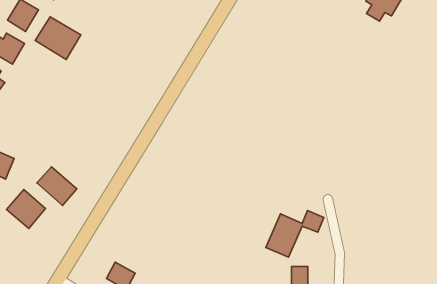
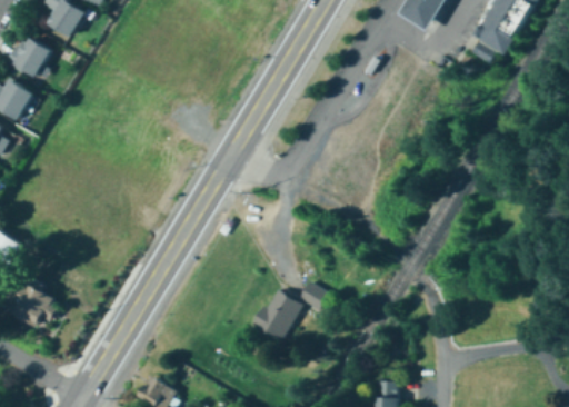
building: [35,17,81,59] -> none
building: [37,167,77,205] -> none
building: [266,210,324,257] -> [254,281,329,341]

